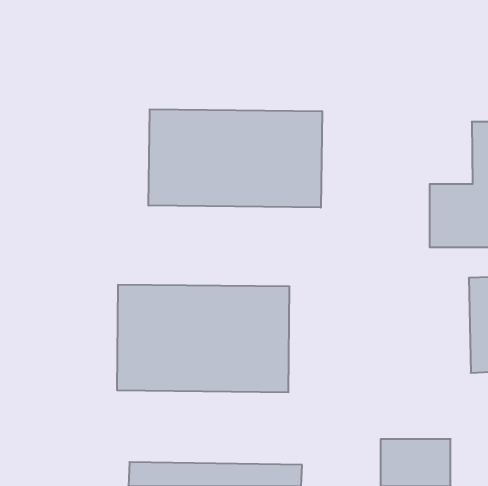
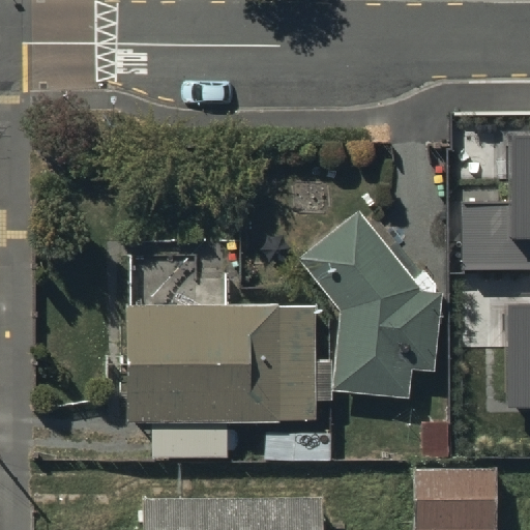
building: [148,109,322,208] -> none
building: none -> [306,222,435,399]

